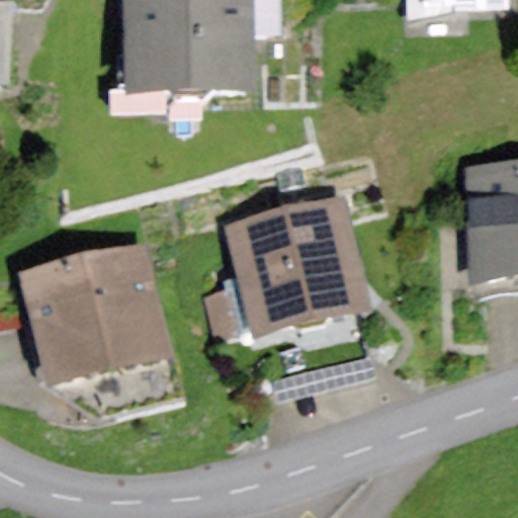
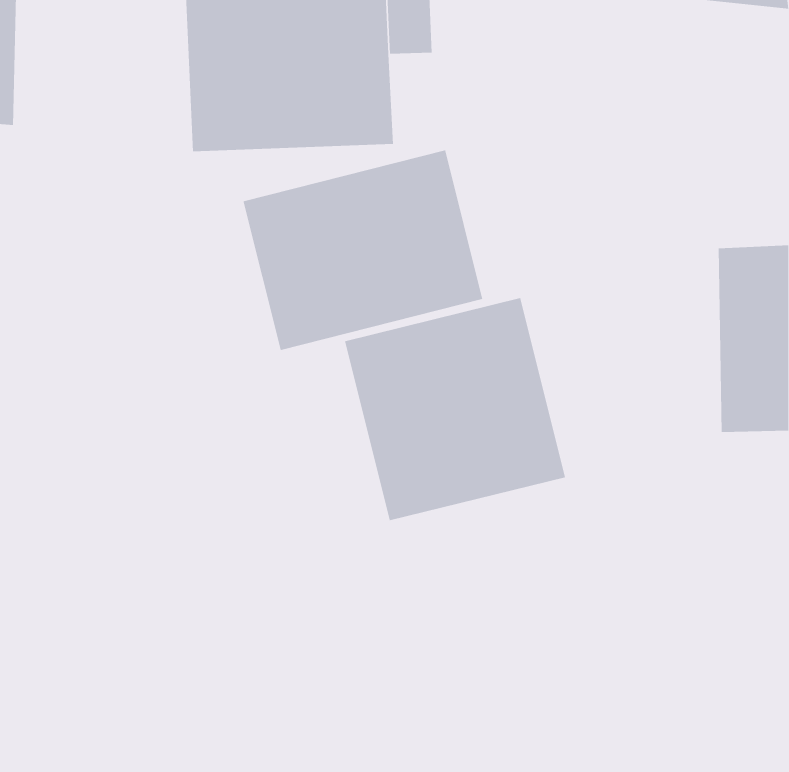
building: none -> [243,150,483,351]
building: [18,242,167,383] -> none

